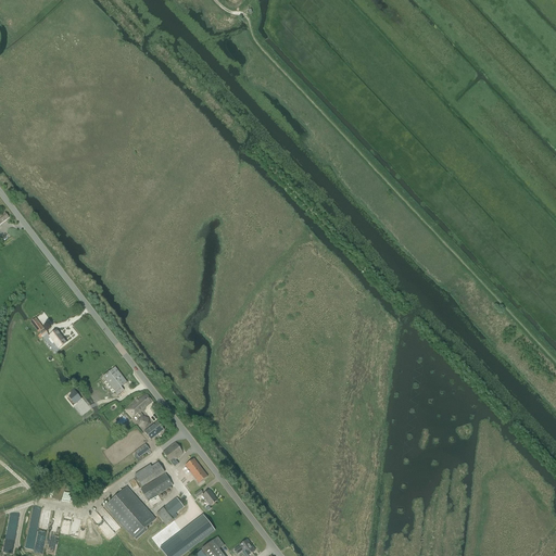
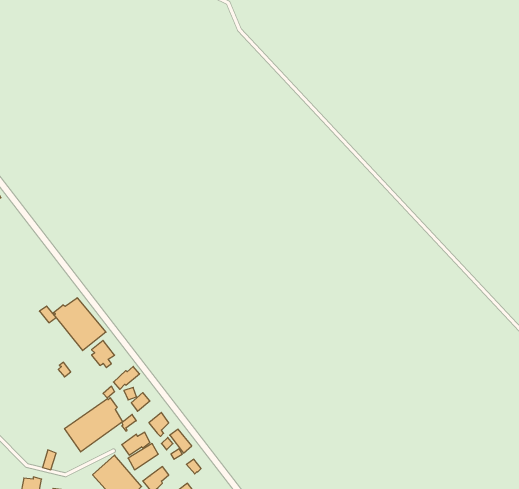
building: none -> [53,298,106,351]
building: none -> [65,398,123,452]

